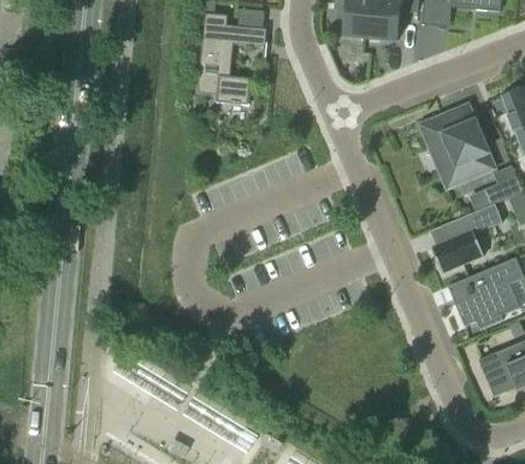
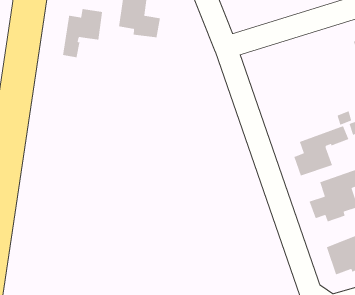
building: none -> [62,8,104,58]
building: [420,105,494,187] -> none

